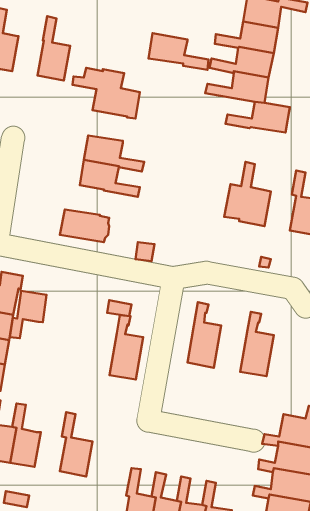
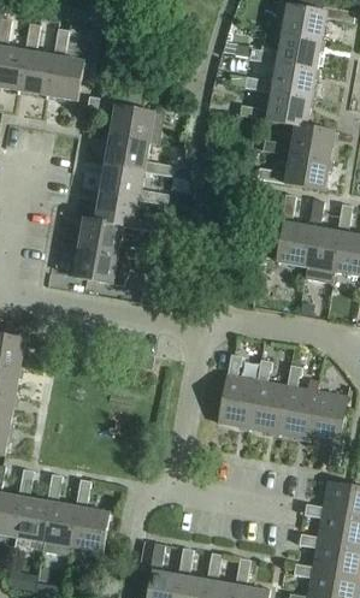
building: none -> [18,23,54,95]
building: [148,33,209,70] -> [105,135,173,177]
building: none -> [256,154,330,190]
building: none -> [303,199,342,284]
building: none -> [78,218,147,260]
building: [10,291,47,338] -> none
building: [109,315,143,379] -> [248,360,287,433]
building: none -> [308,391,347,466]
building: none -> [43,474,79,546]

